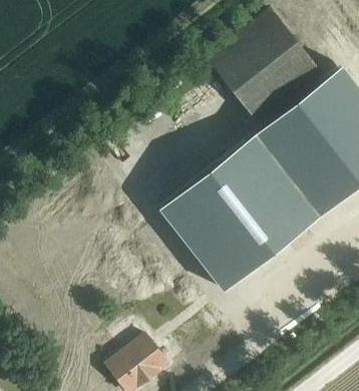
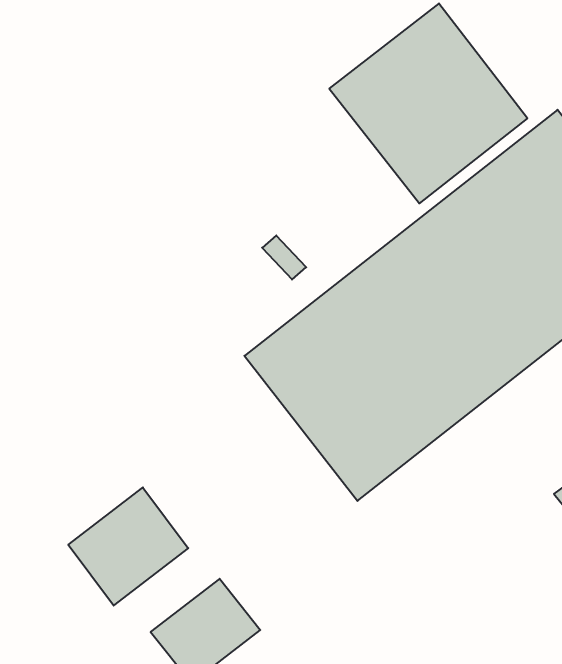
building: none -> [68,487,188,606]

